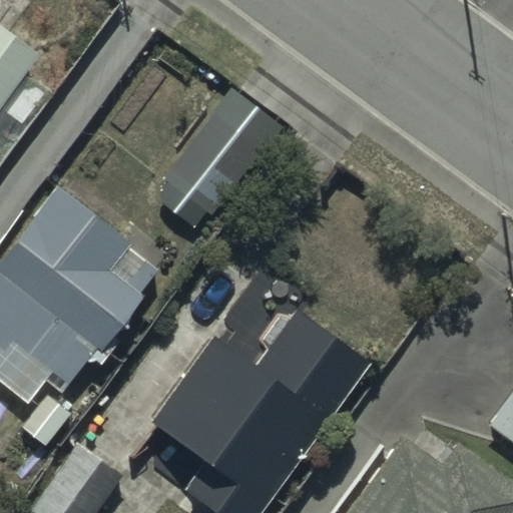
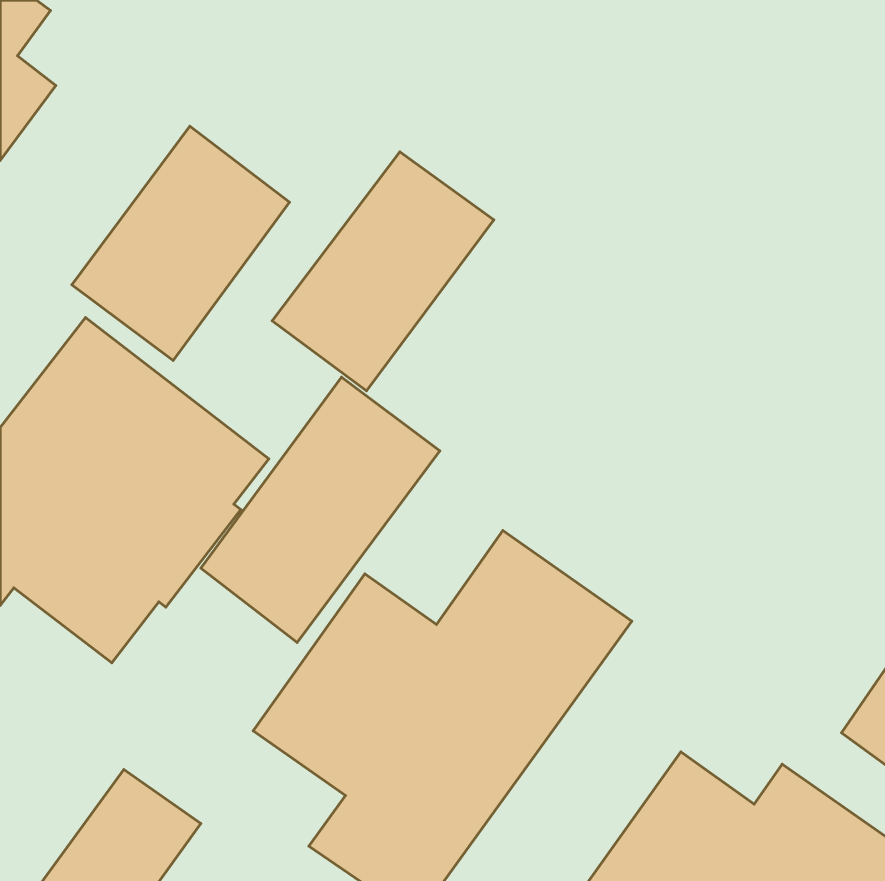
building: none -> [72,126,290,360]
building: none -> [201,377,440,642]

